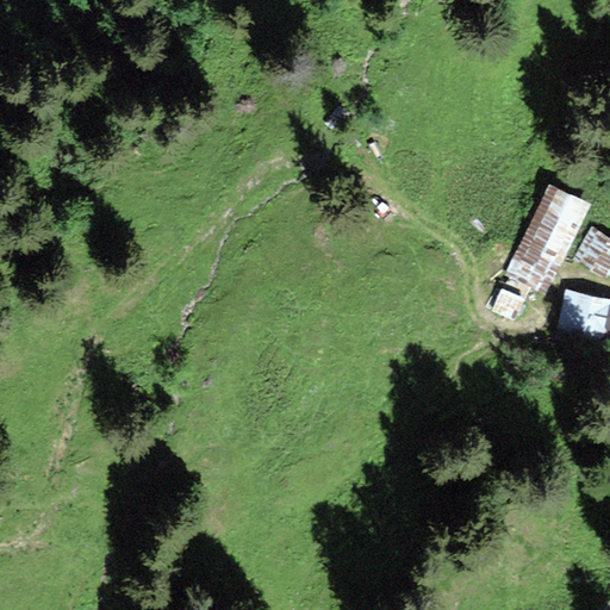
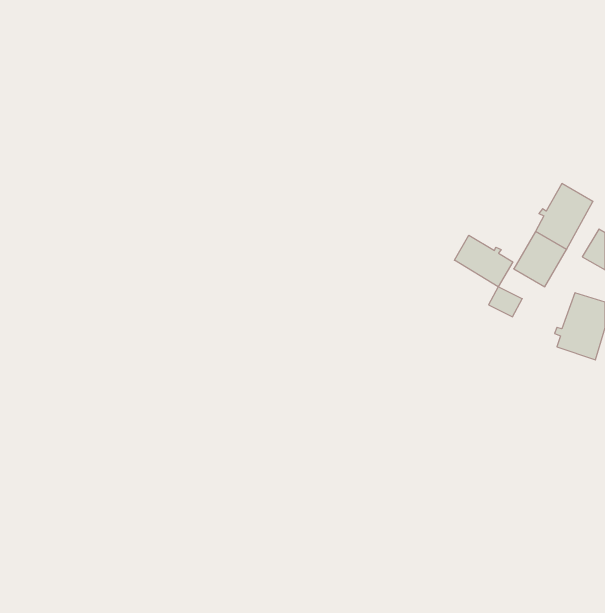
building: none -> [454,235,513,287]

